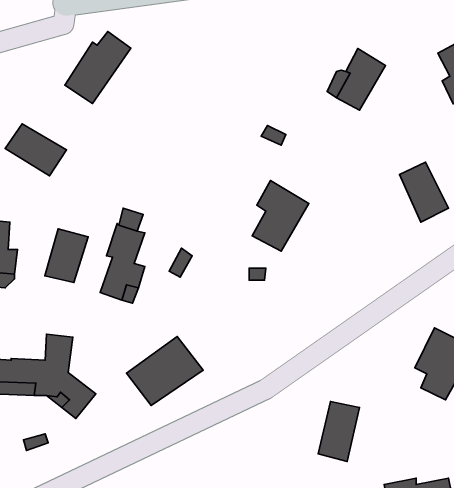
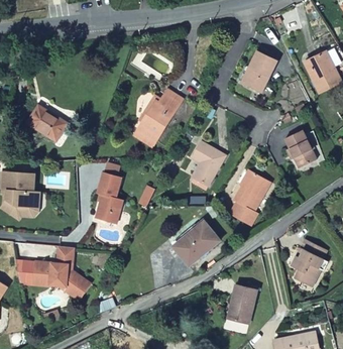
building: [65,31,131,104] -> [135,93,179,140]
building: none -> [229,173,268,228]
building: [45,229,88,283] -> none
building: [127,336,203,405] -> [165,215,216,260]

